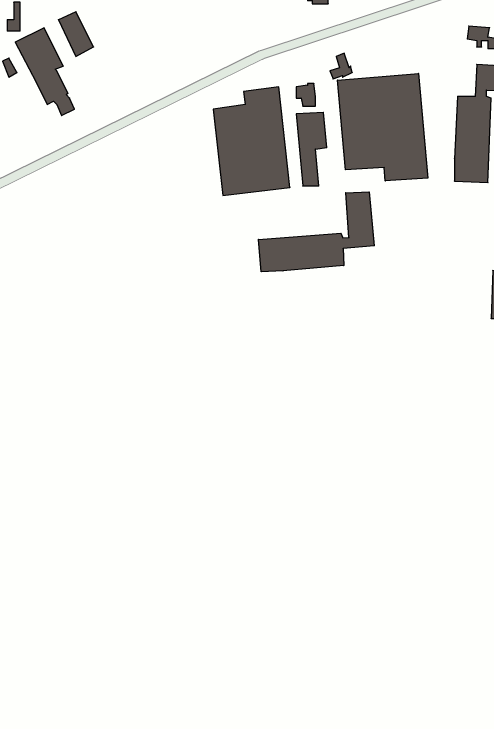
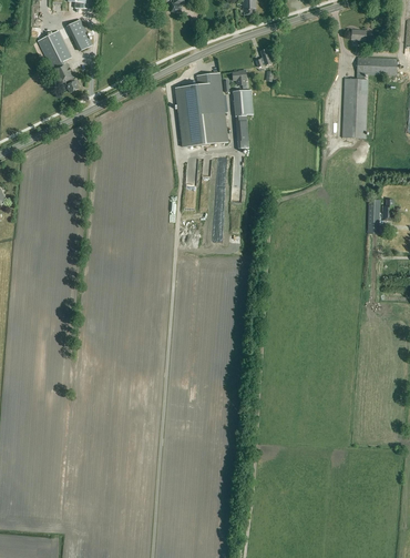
building: [338,73,428,181] -> none
building: [258,192,374,272] -> none

